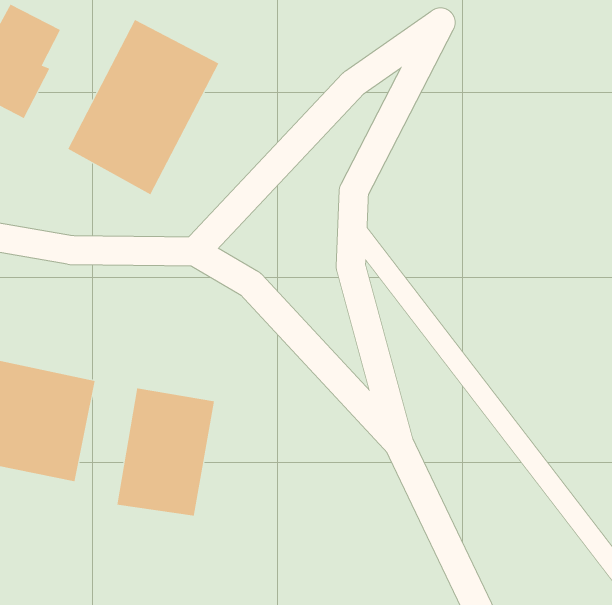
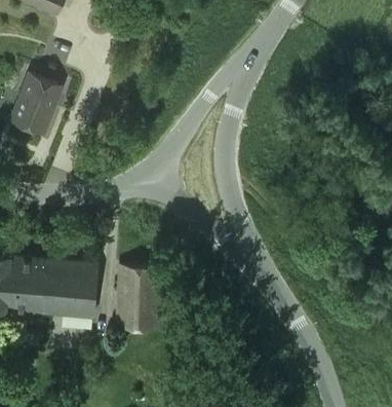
building: [67,19,219,195] -> none

